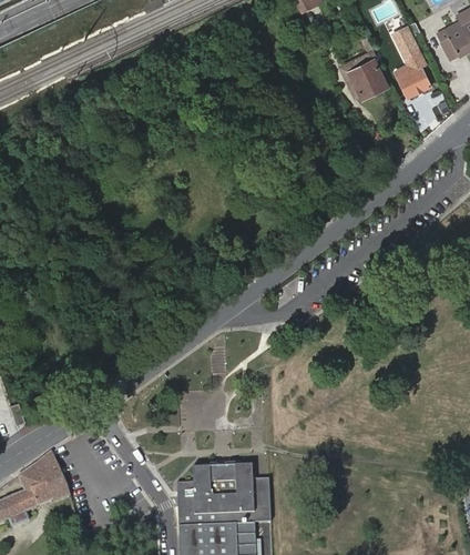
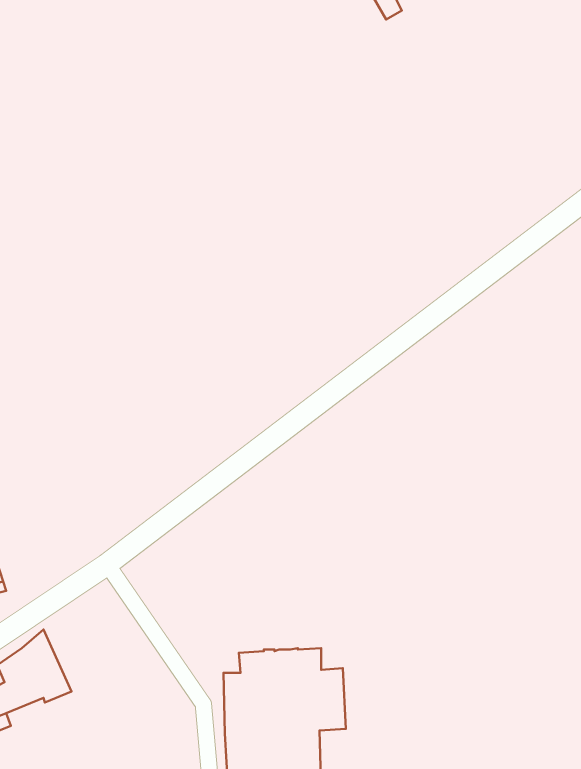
building: [391,28,429,97] -> none
building: [349,60,387,97] -> none

